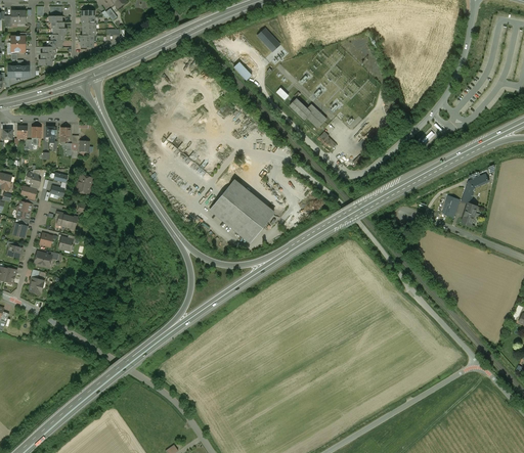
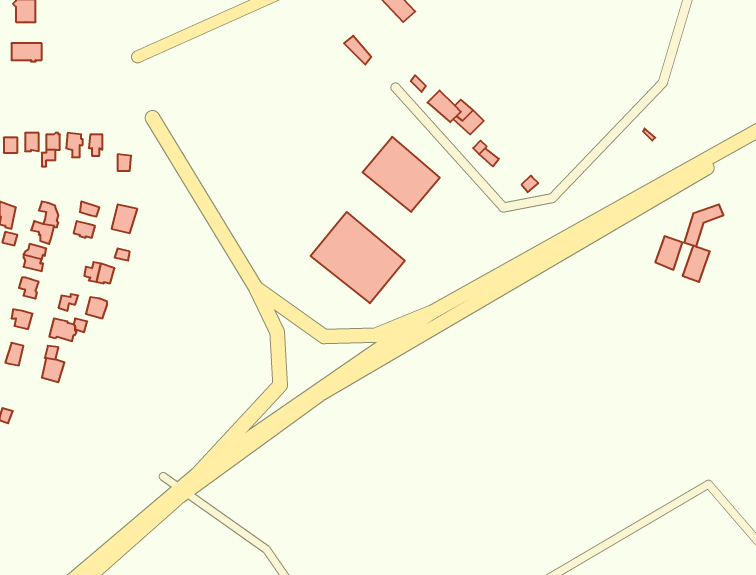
building: none -> [363,137,440,212]

